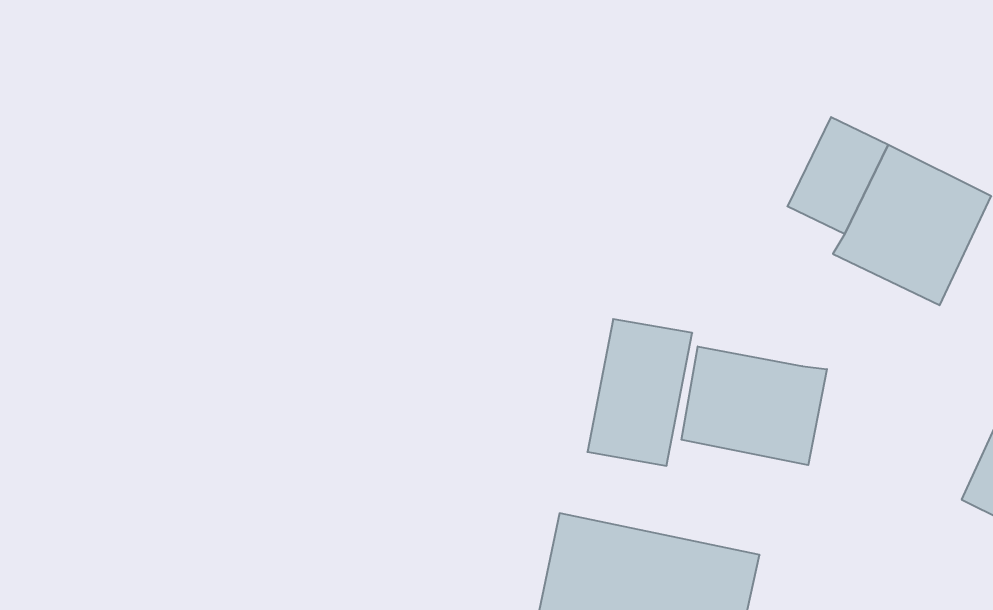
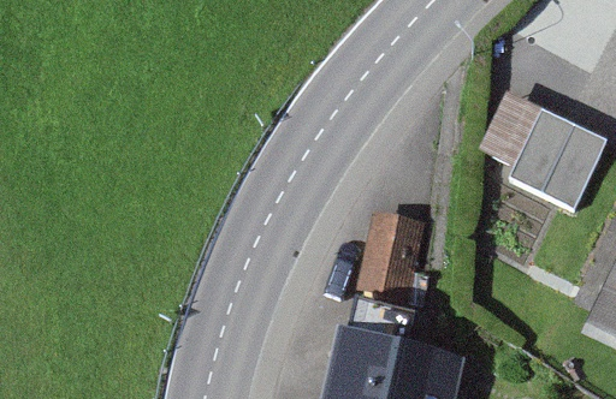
building: [681,346,827,465] -> none

